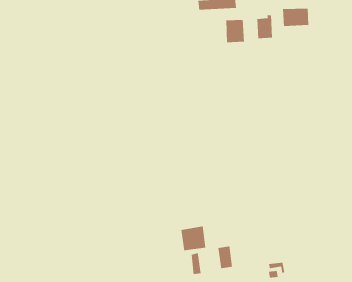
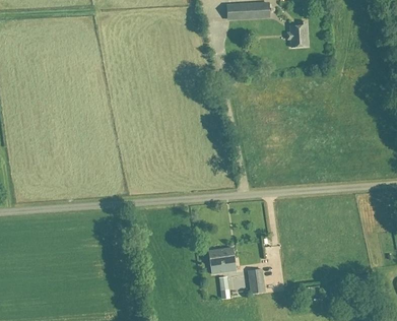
building: [282,8,309,27] -> none
building: [226,19,244,43] -> none

